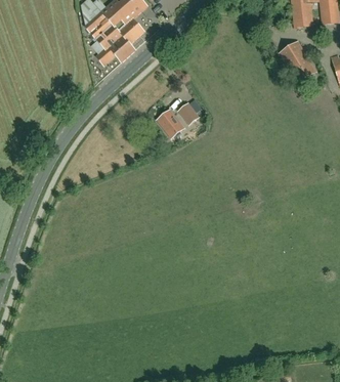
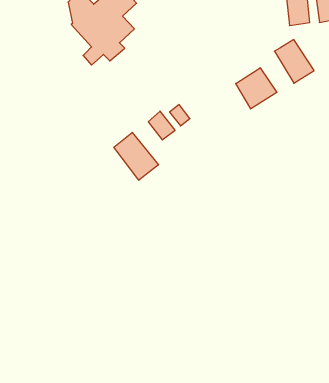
building: none -> [236,68,277,109]
building: none -> [114,132,159,180]

